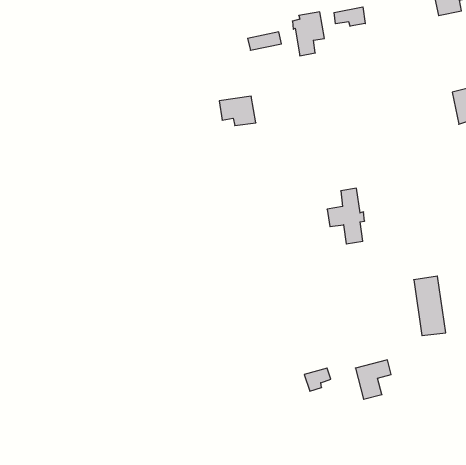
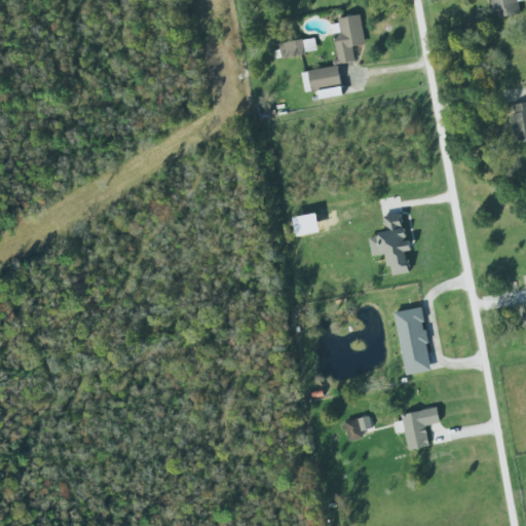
building: [334,7,365,26] -> none
building: [219,96,256,126] -> [302,65,343,98]
building: none -> [293,212,321,235]
building: [414,276,446,336] -> [396,306,431,373]

